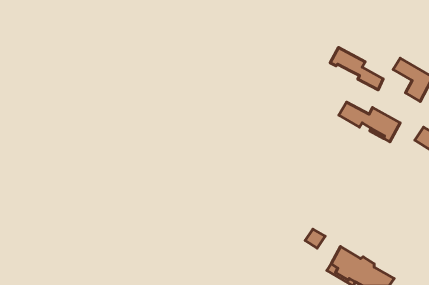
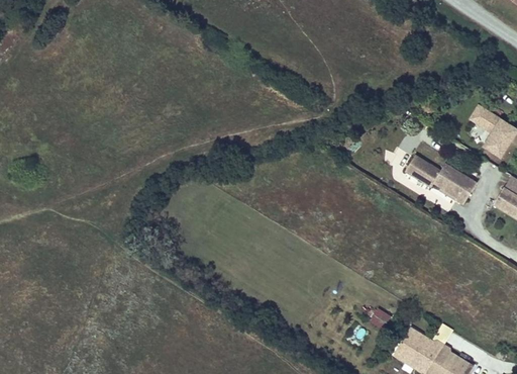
building: [330,48,383,90] -> none

